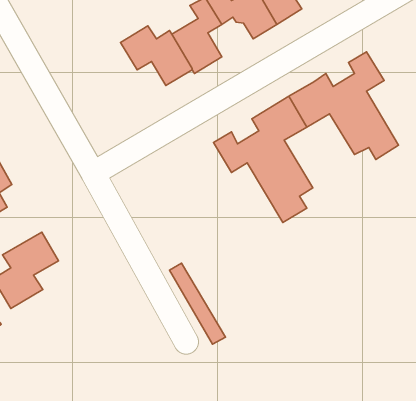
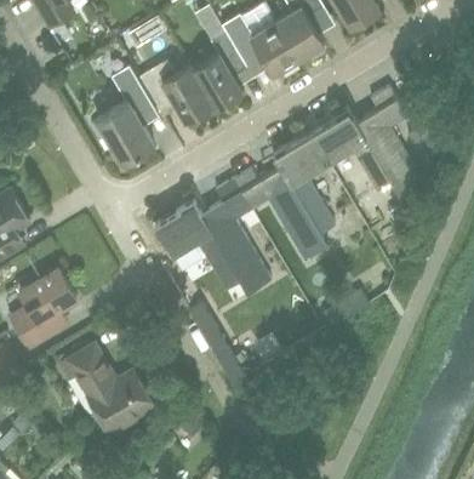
building: none -> [97,65,154,162]
building: none -> [154,178,272,293]
building: none -> [59,343,155,432]

